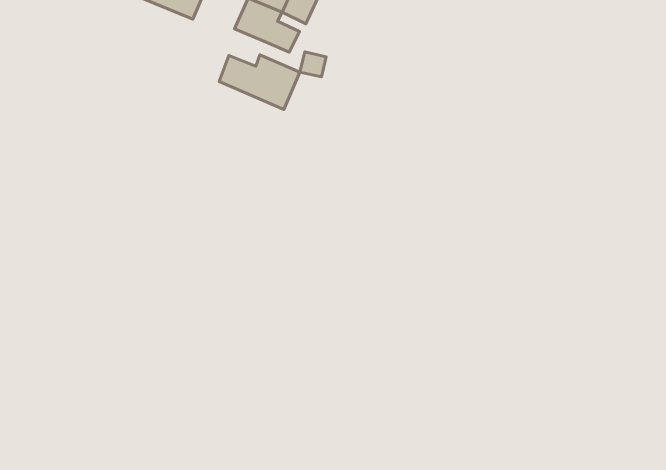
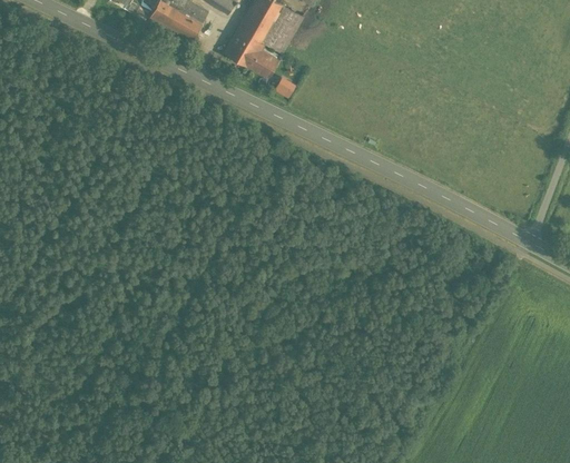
building: [219,55,300,110] -> none

